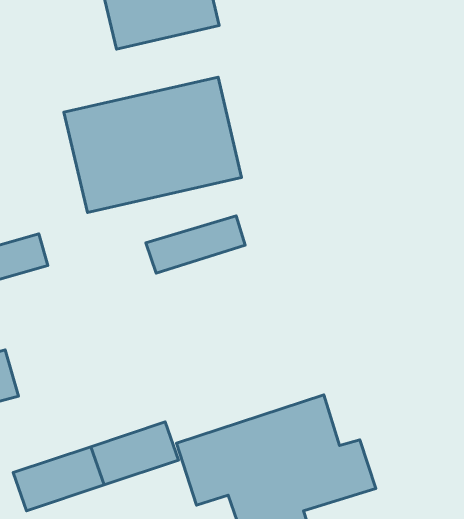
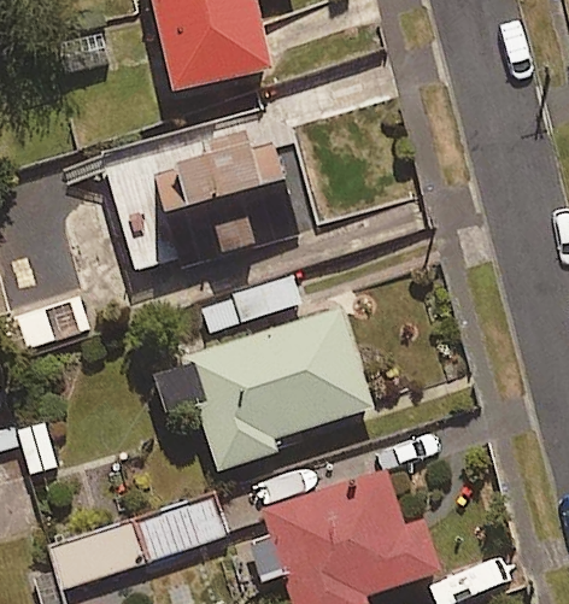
building: none -> [181,309,368,469]

